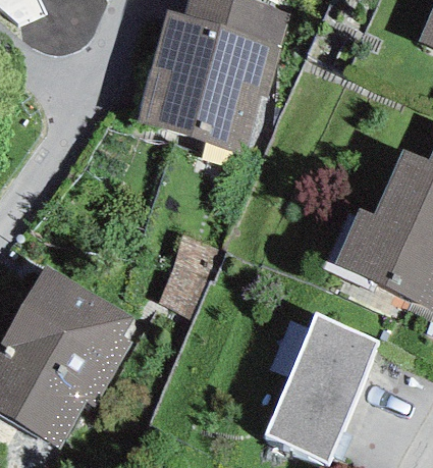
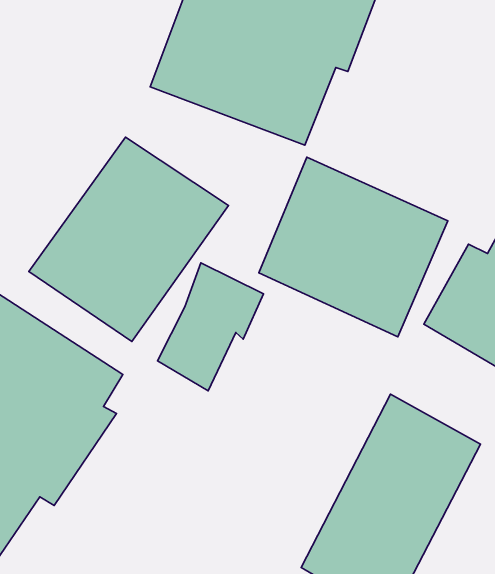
building: none -> [29,137,229,342]
building: none -> [259,157,448,337]

